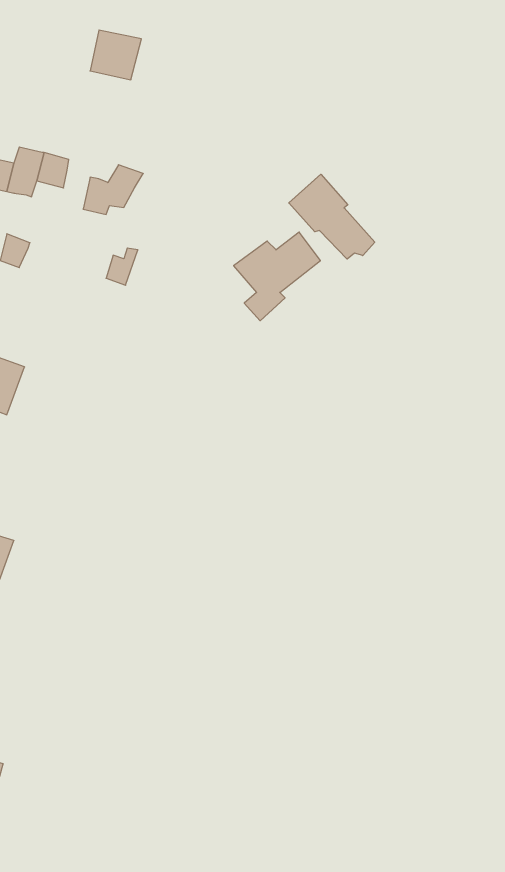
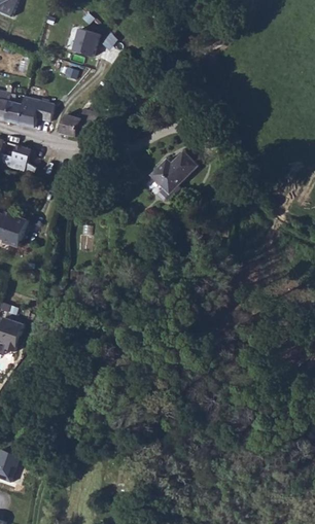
building: [289,174,375,259] -> none

